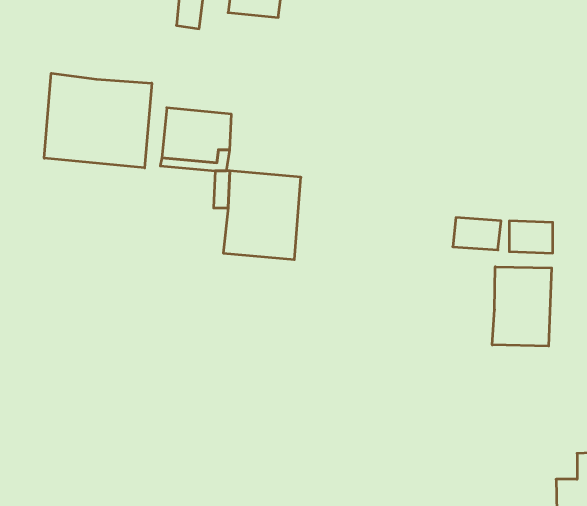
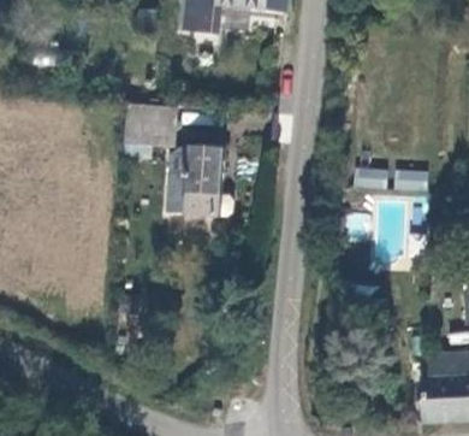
building: [44,73,152,168] -> none
building: [492,267,552,346] -> none

